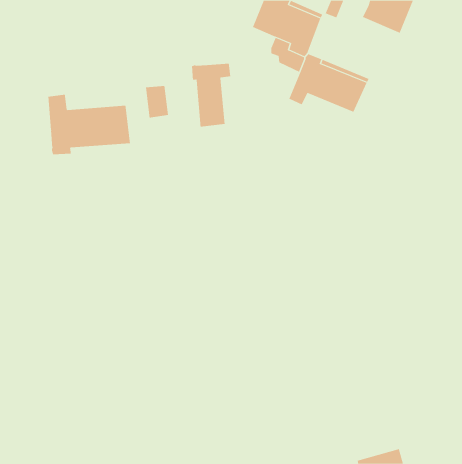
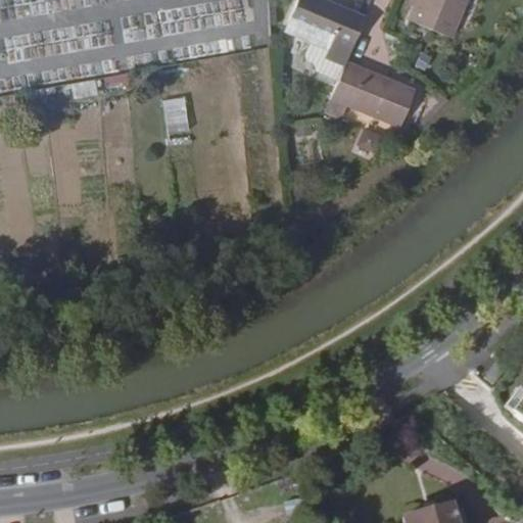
building: [191,63,231,128] -> none
building: [48,94,130,155] -> none

